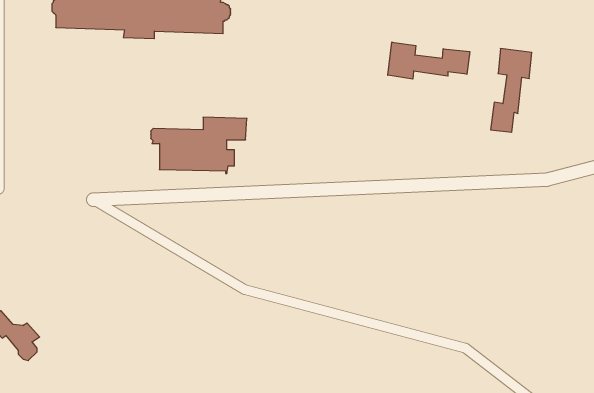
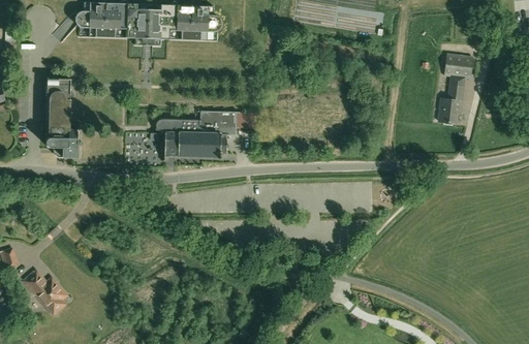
building: [388,42,470,79] -> none
building: none -> [45,79,82,159]

